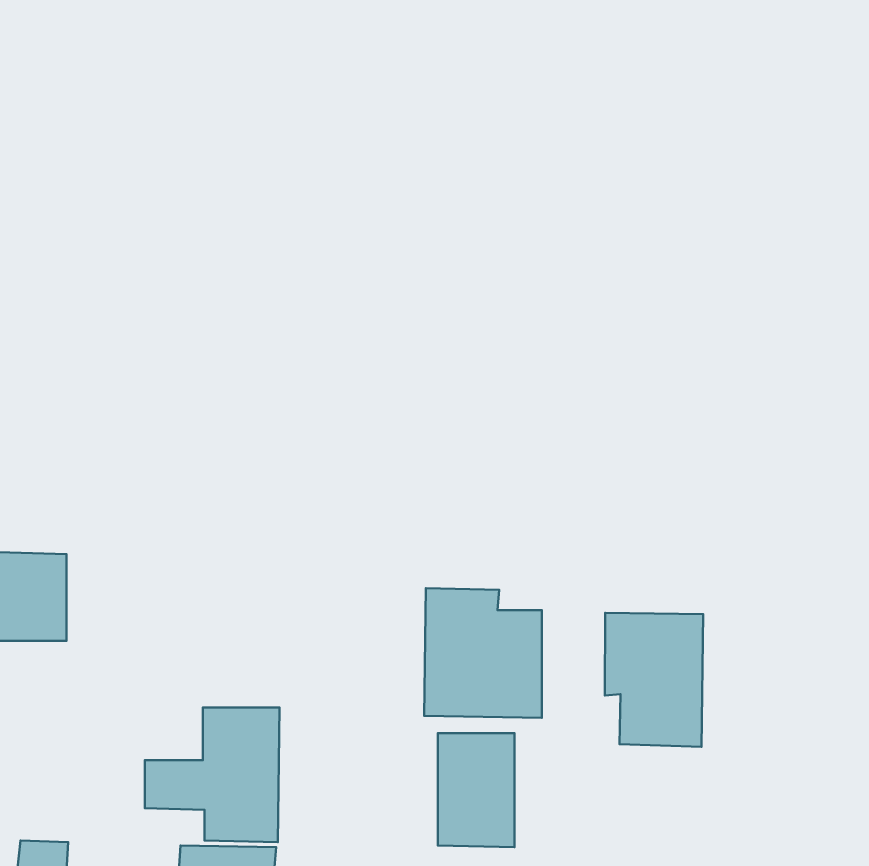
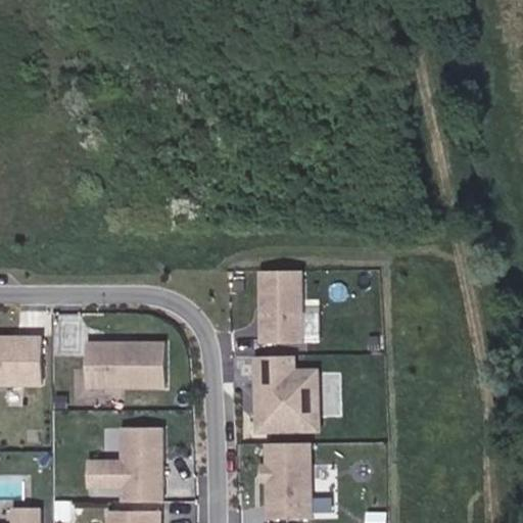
building: none -> [255,275,301,343]
building: none -> [84,340,167,390]
building: [605,613,703,747] -> none

